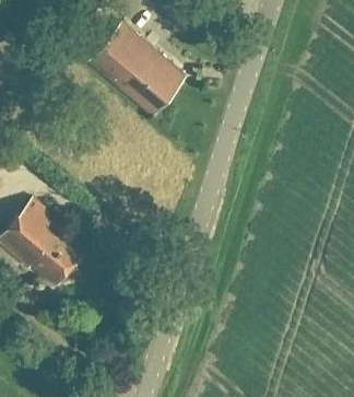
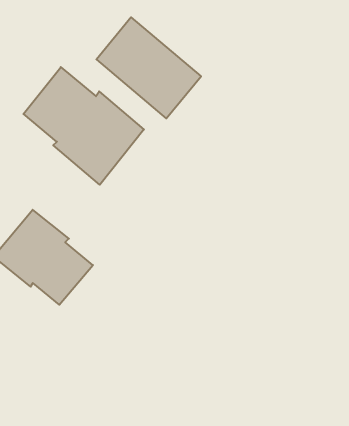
building: none -> [23,67,144,185]

